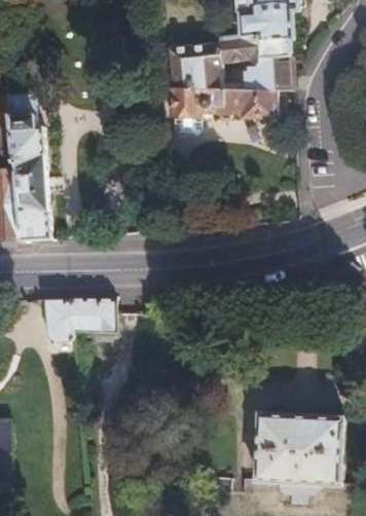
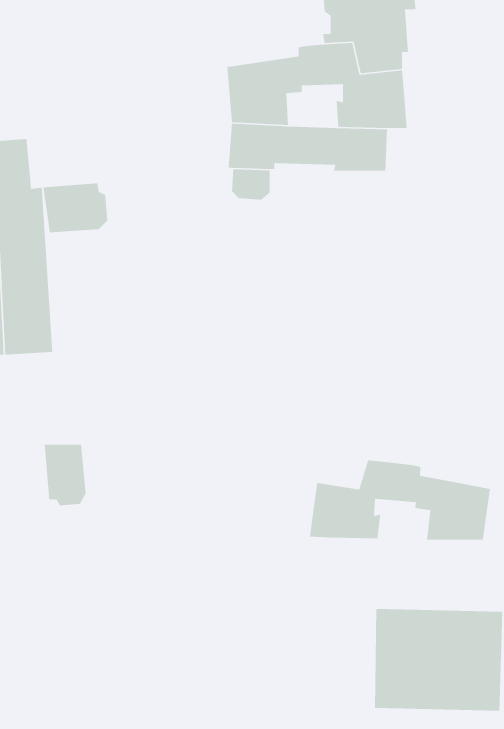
building: none -> [42,182,108,233]
building: [71,302,119,336] -> none
building: none -> [309,459,491,540]

